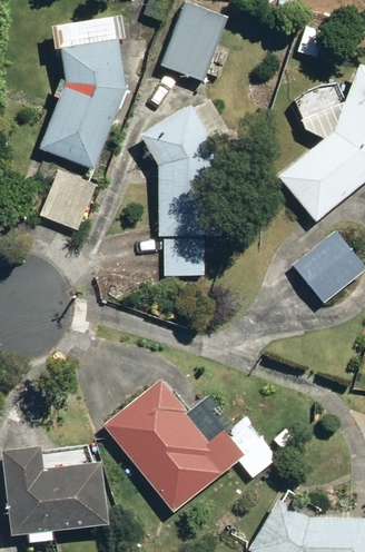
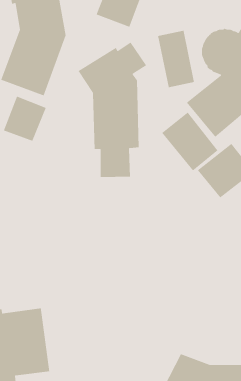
building: none -> [157,30,195,88]
building: none -> [161,112,219,172]
building: [103,378,278,514] -> none

